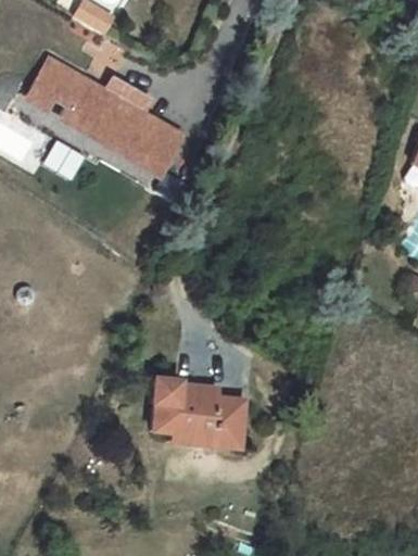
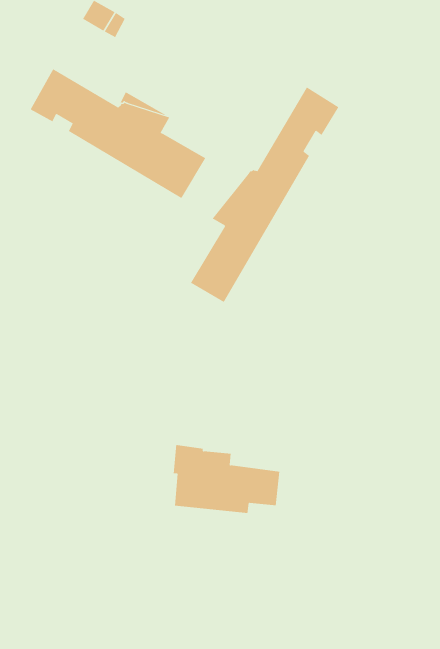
building: none -> [190,86,339,303]

